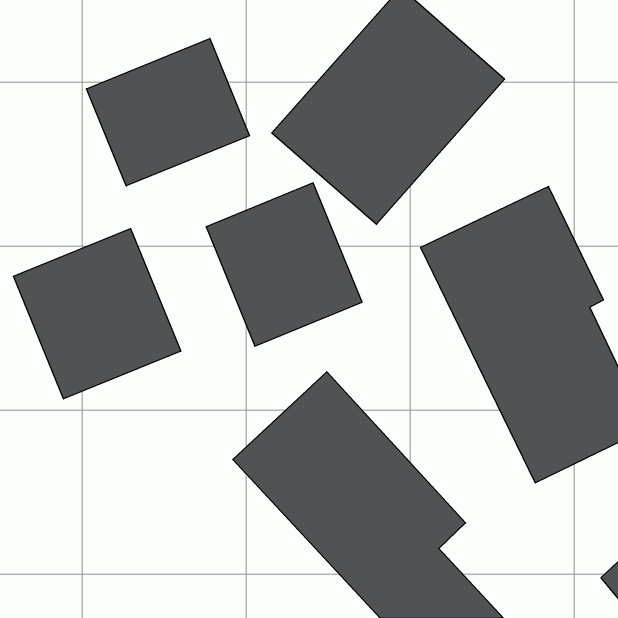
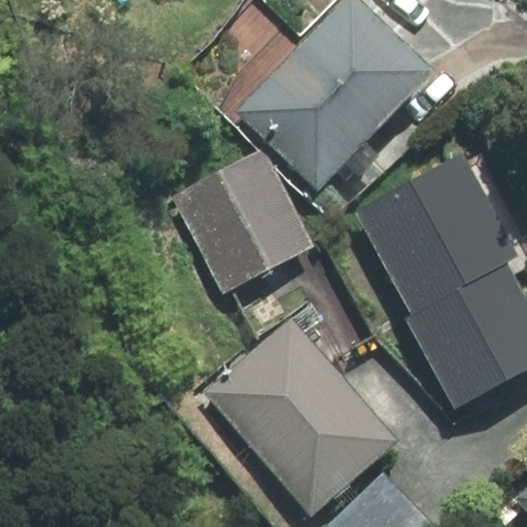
building: [86,38,250,186] -> none
building: [13,229,181,399] -> none

